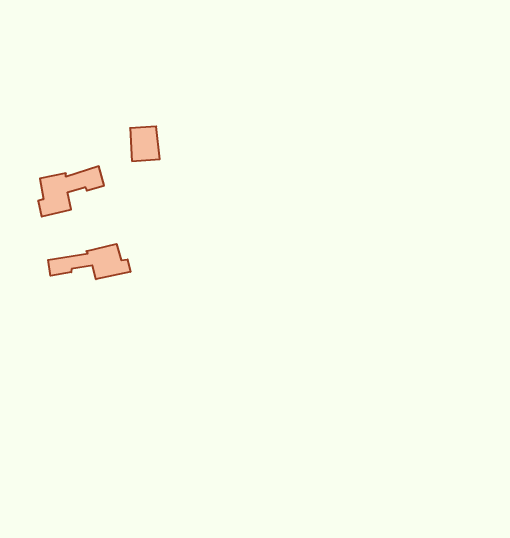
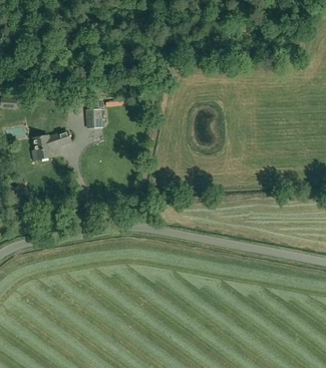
building: [48,244,130,279] -> none

